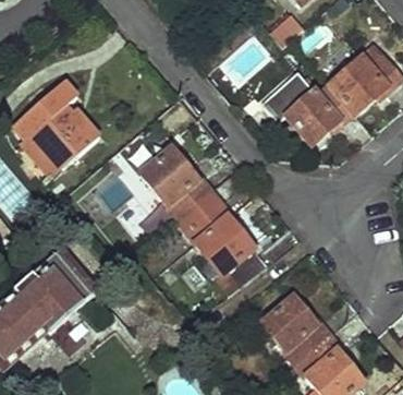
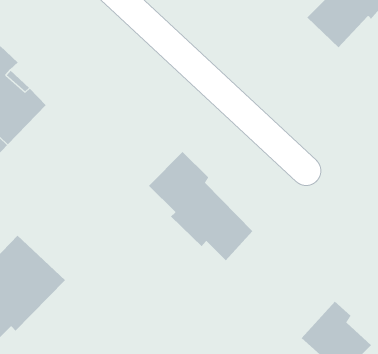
building: [260,69,355,141] -> none
building: [142,145,211,215] -> none
building: [265,297,331,360] -> none

